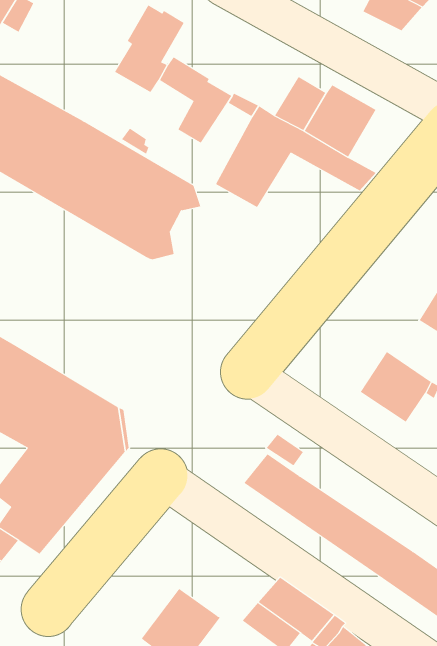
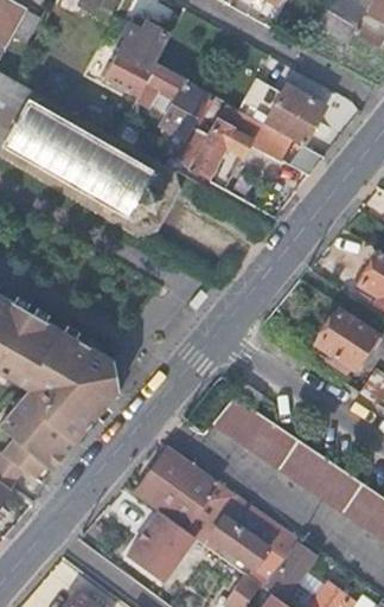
building: none -> [139,448,218,535]

